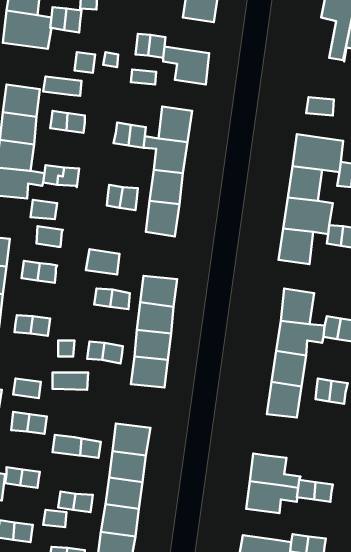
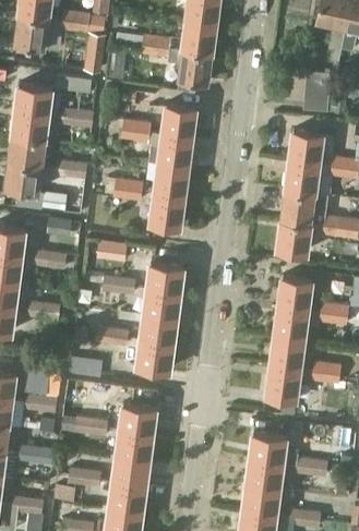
building: none -> [183,20,216,53]
building: none -> [306,71,332,97]
building: none -> [243,484,278,514]

